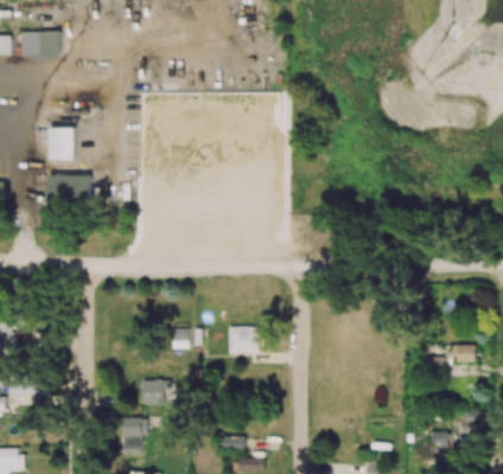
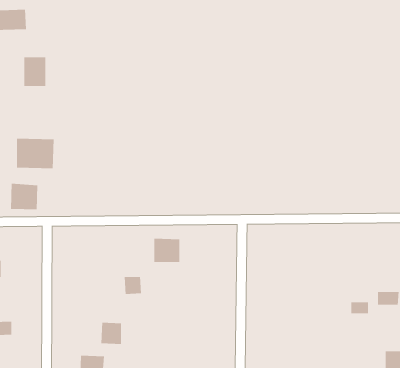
building: [49,127,74,160] -> [24,57,46,87]
building: none -> [10,183,38,210]
building: [228,326,257,353] -> [153,238,180,263]

